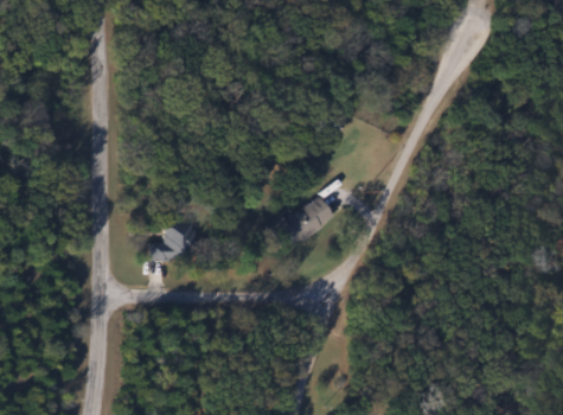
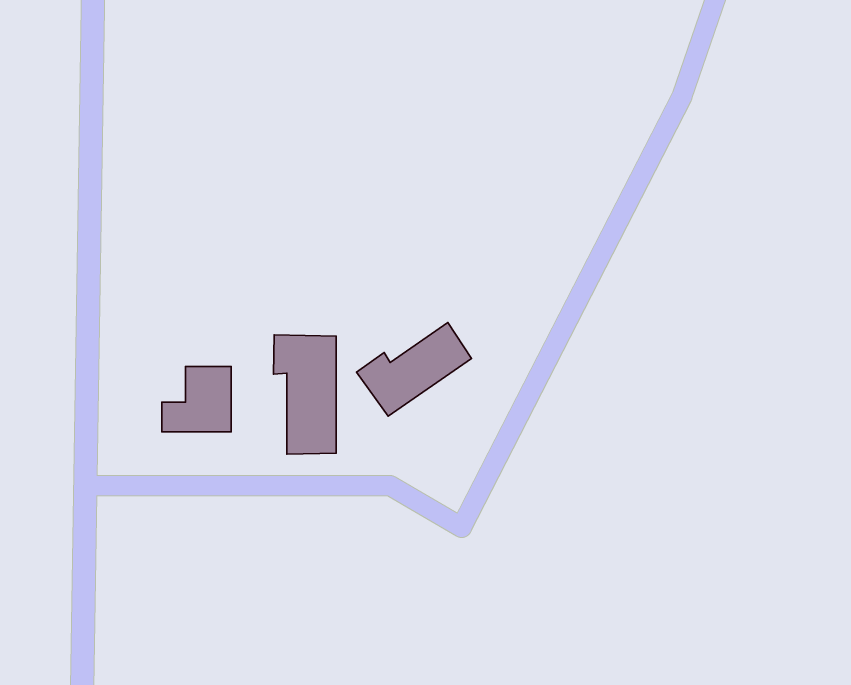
building: none -> [273,335,336,454]

